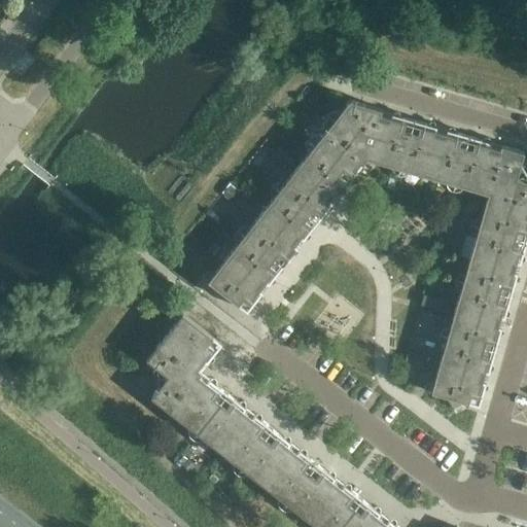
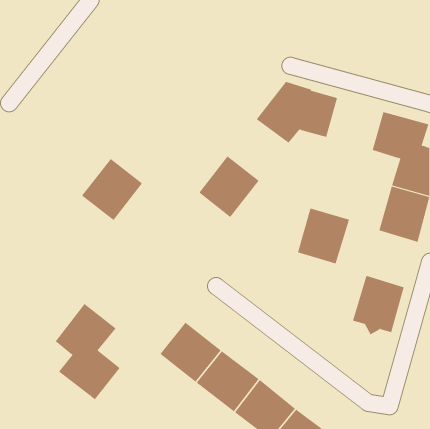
building: [398,122,466,186] -> none
building: [277,148,352,223] -> none
building: [206,238,281,314] -> [81,158,143,221]
building: [446,284,510,353] -> [297,208,350,264]
building: [145,316,225,434] -> [55,303,121,400]

